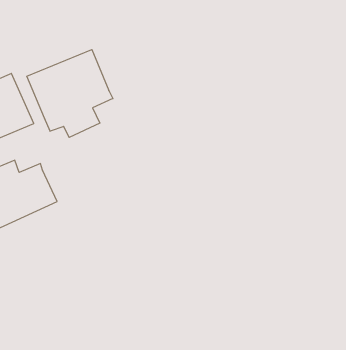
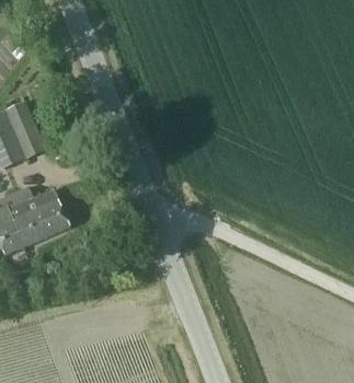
building: [27,50,113,137] -> none

